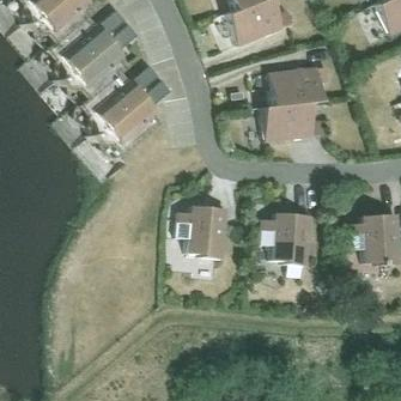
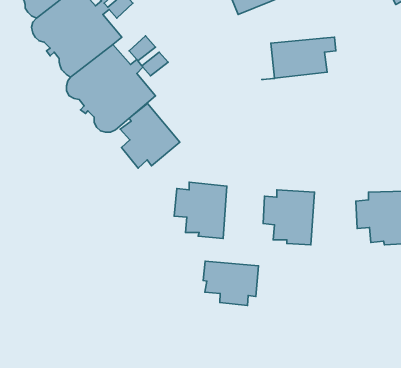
building: [263,98,328,139] -> none
building: none -> [120,103,180,168]
building: none -> [203,261,258,306]

